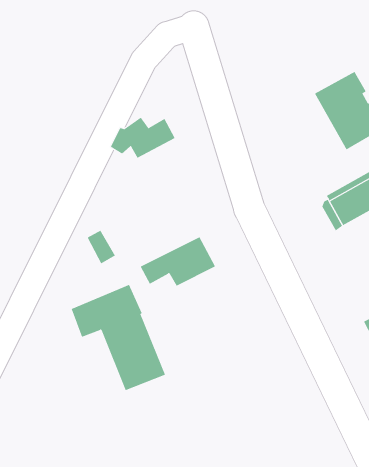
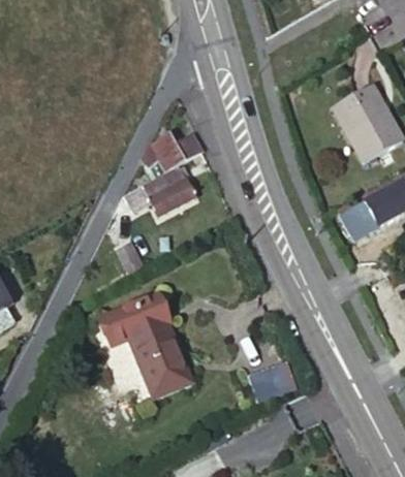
building: [140,236,216,287] -> [121,165,194,214]
building: none -> [248,361,294,402]

